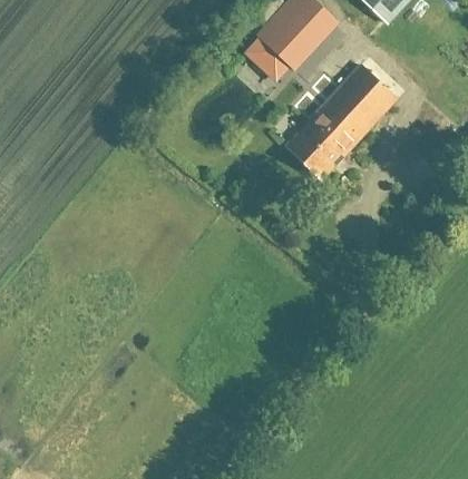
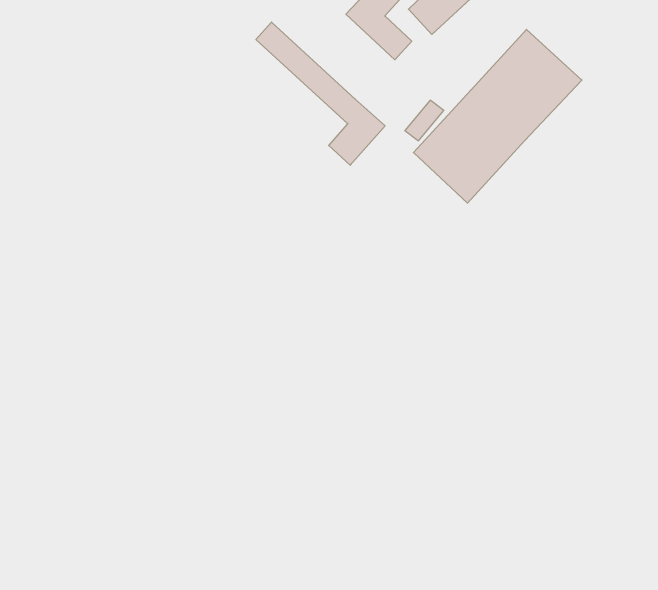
building: none -> [256,22,385,165]

